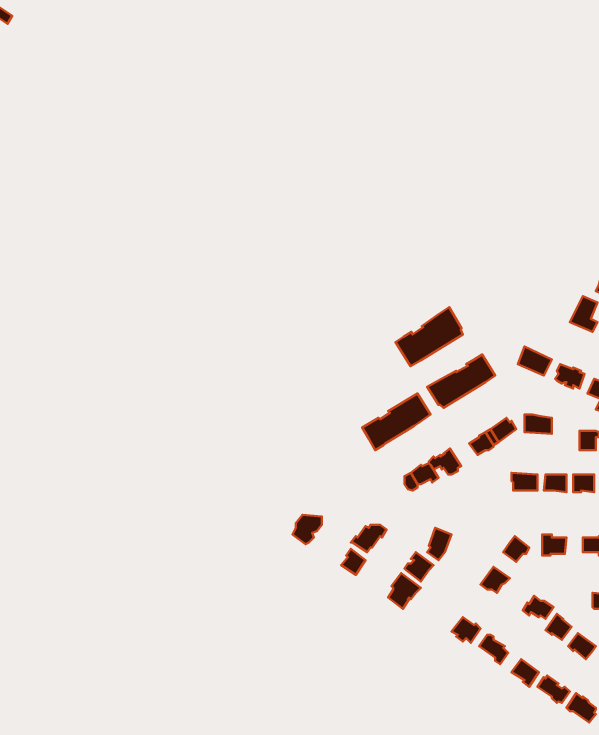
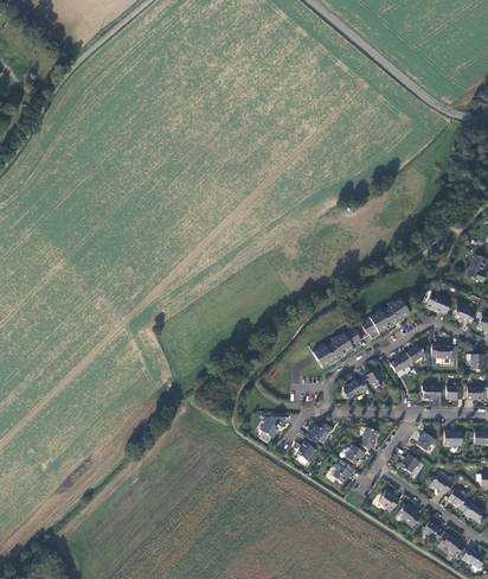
building: [396,307,463,366] -> none

